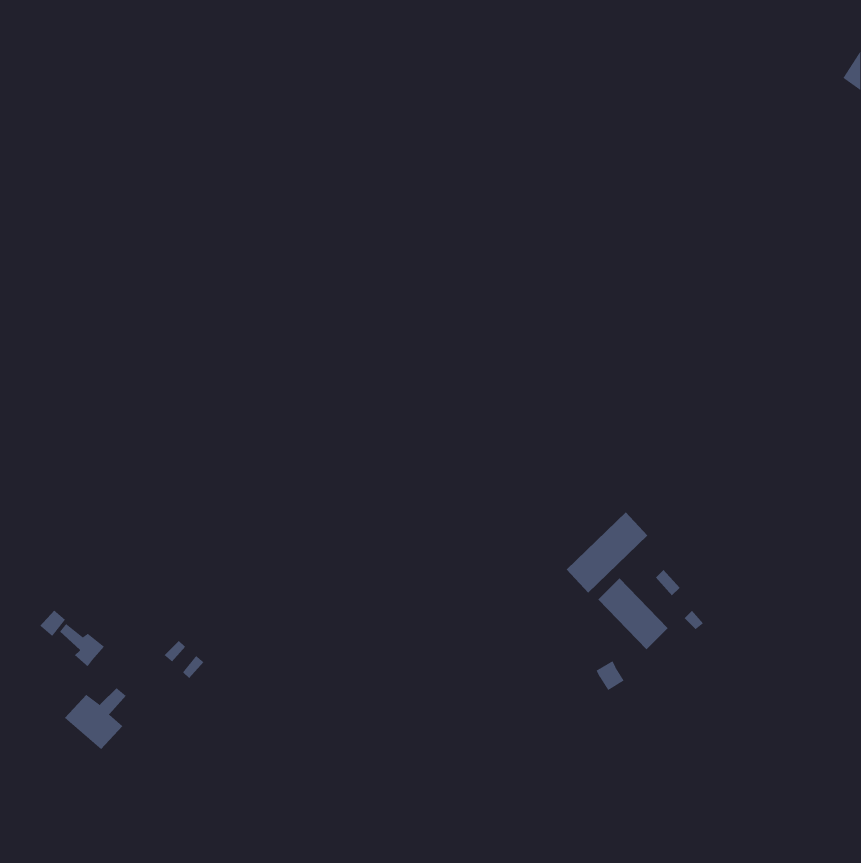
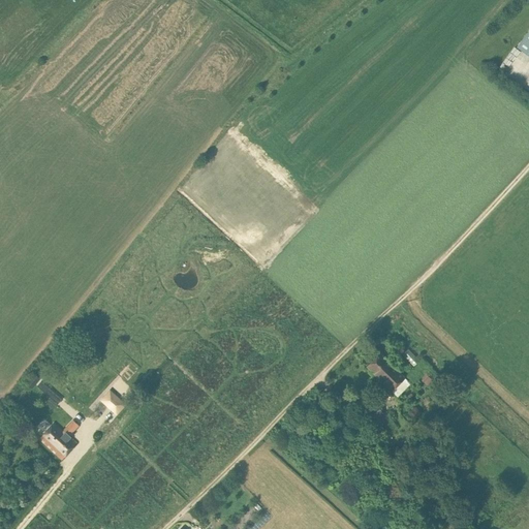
building: [566,512,648,593] -> none

